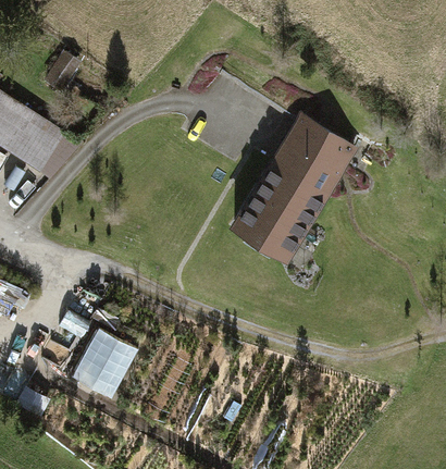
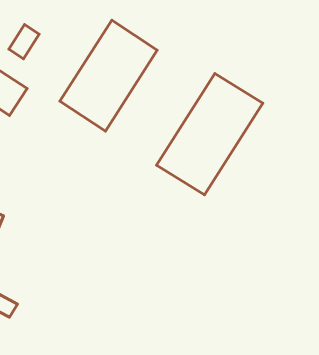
building: none -> [60,20,157,131]
building: [73,329,139,399] -> none

